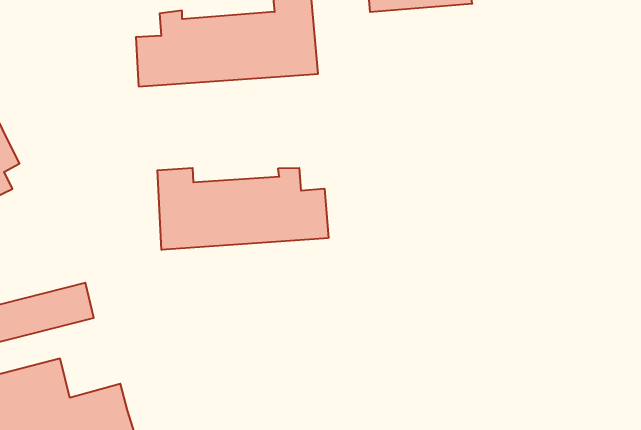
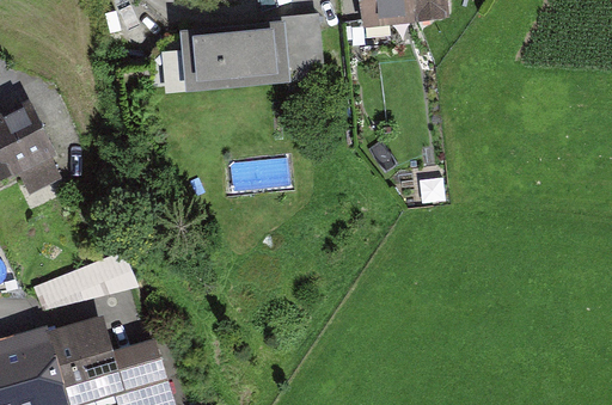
building: [157,168,328,250] -> none

